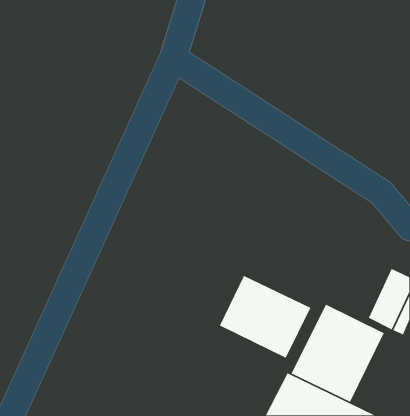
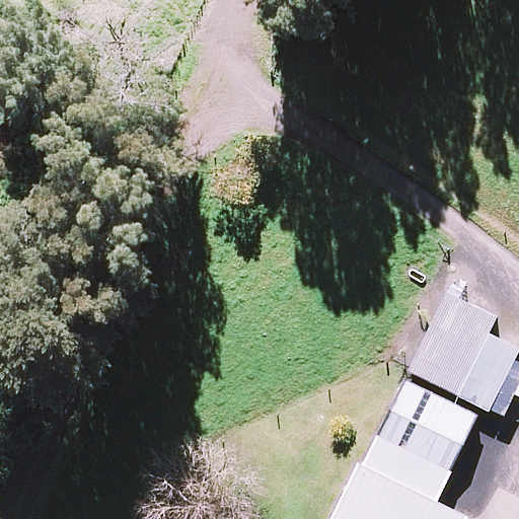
building: none -> [407,293,496,396]
building: [219,275,311,359] -> none

